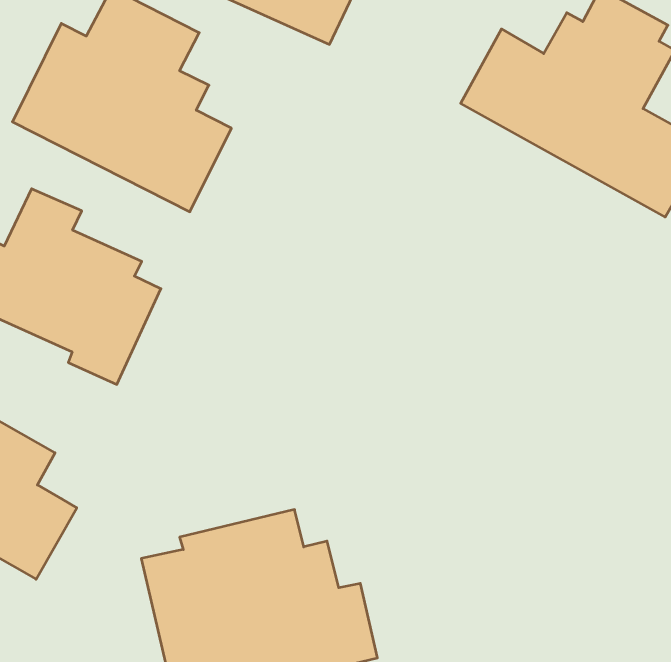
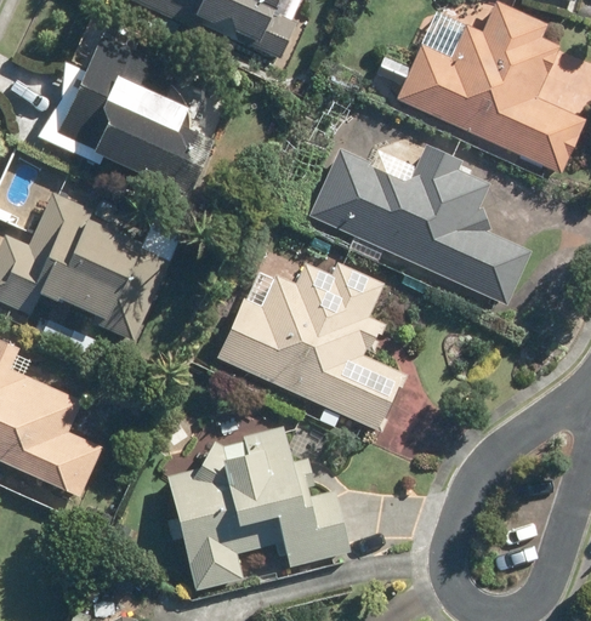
building: none -> [305,139,525,304]
building: none -> [220,245,410,432]

